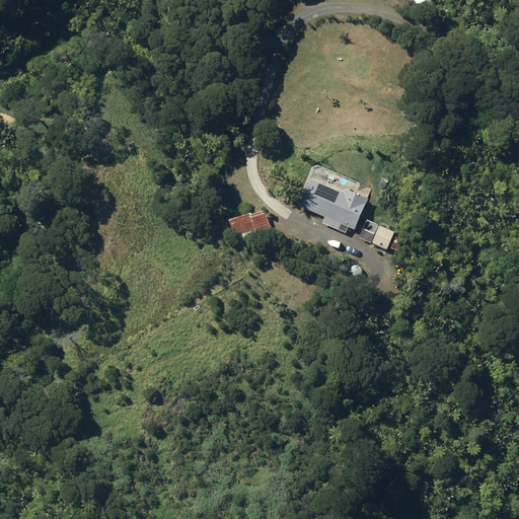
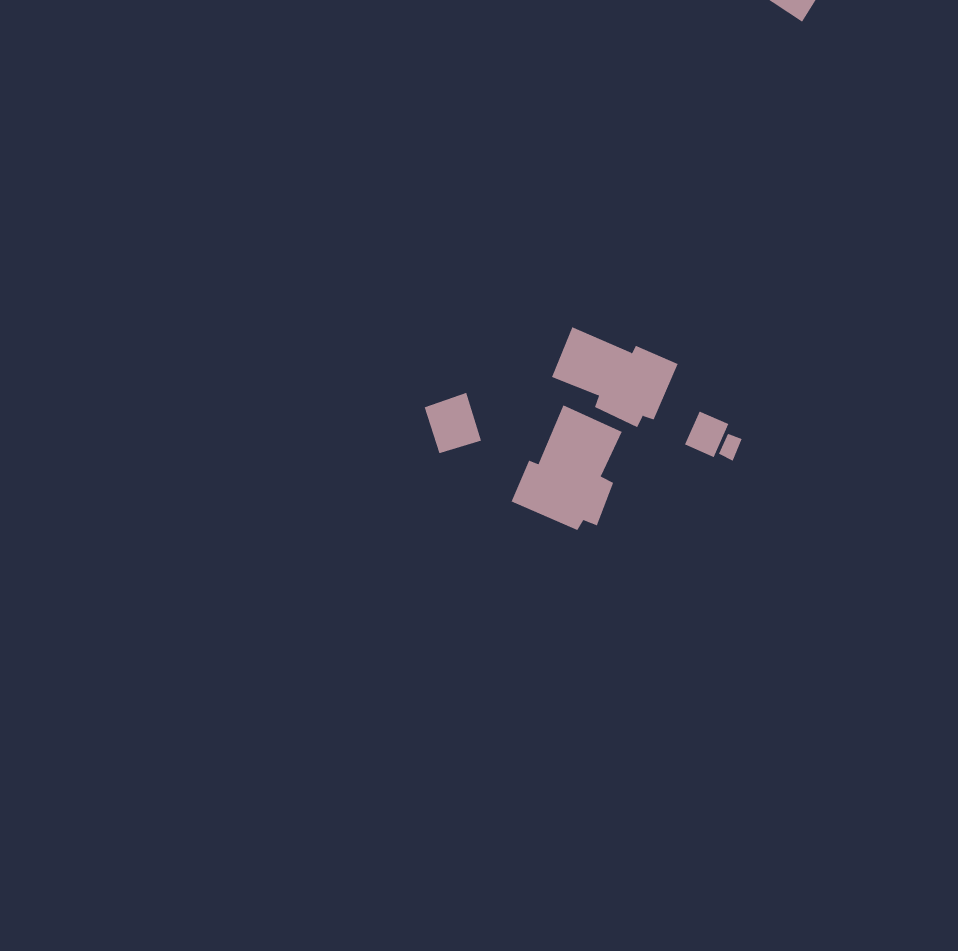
building: none -> [511,405,623,531]

